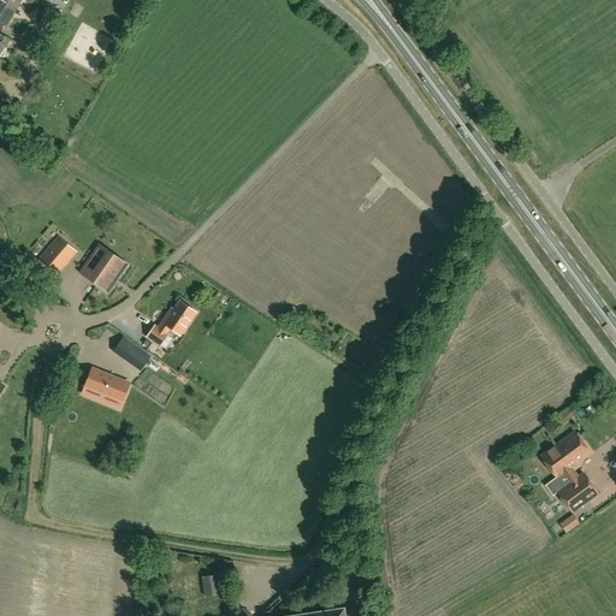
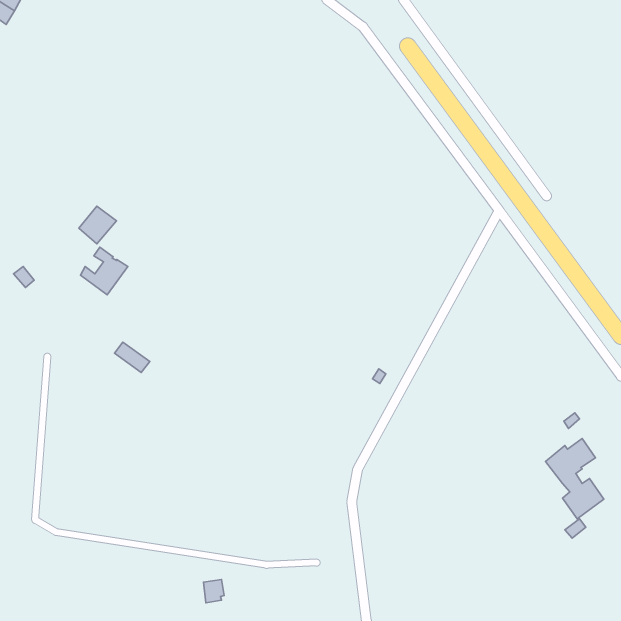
building: [38,236,76,273] -> [79,206,116,244]
building: [147,300,195,344] -> none
building: [84,368,128,399] -> none

